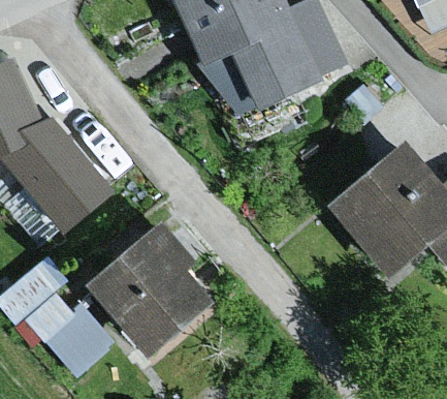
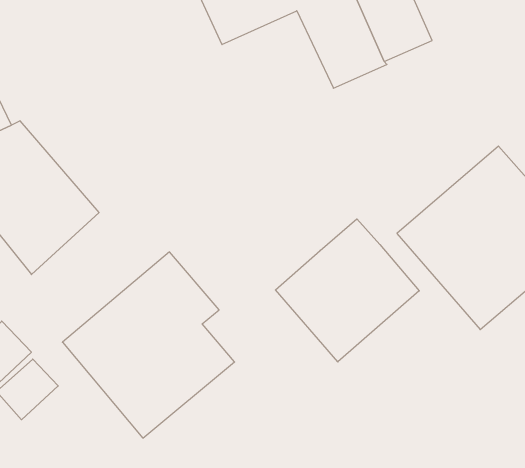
building: [200,42,282,118] -> none
building: none -> [275,219,419,362]

